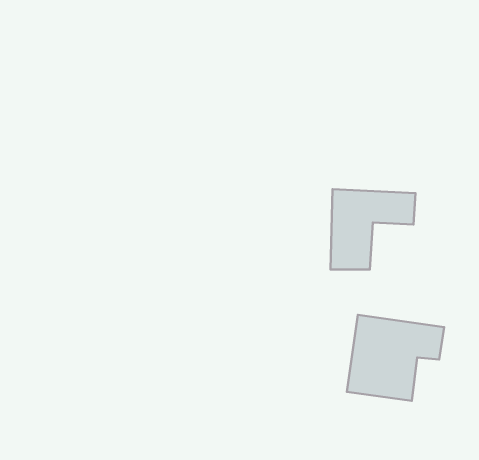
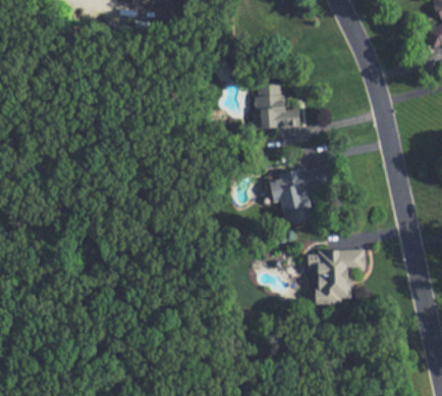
building: none -> [255,84,300,130]

